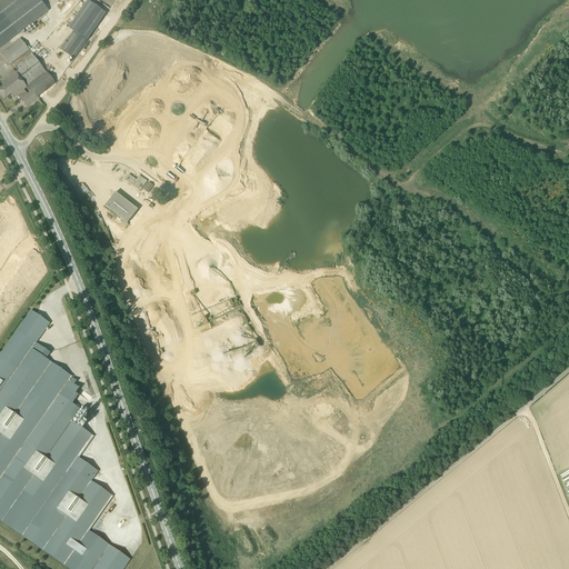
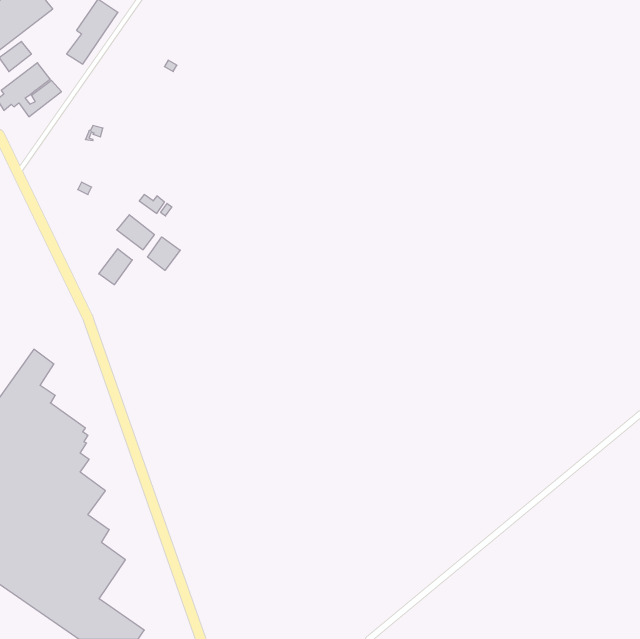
building: none -> [148,237,180,270]
building: none -> [99,249,132,285]

